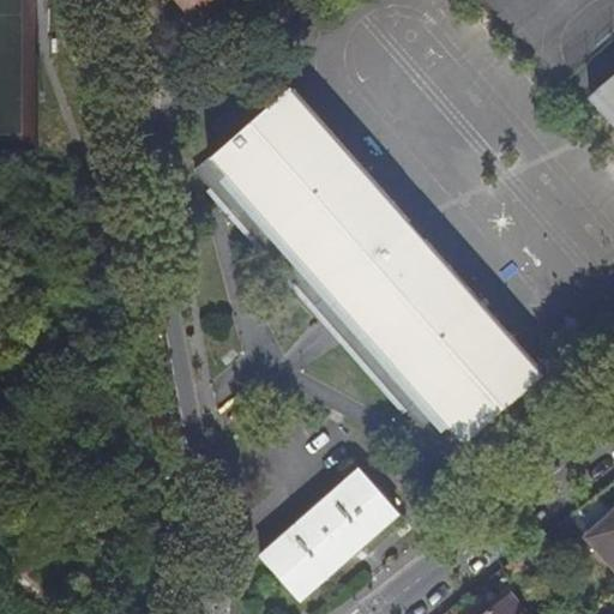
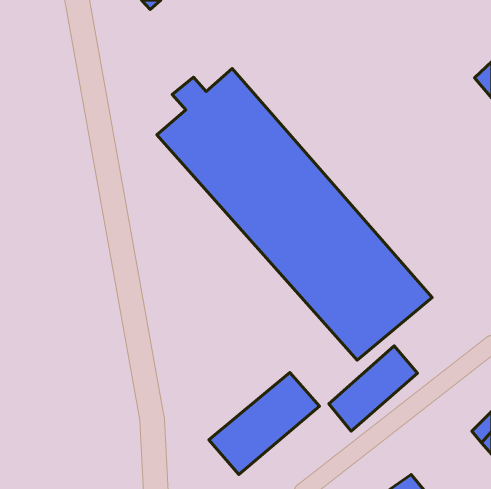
building: none -> [329,346,418,431]

